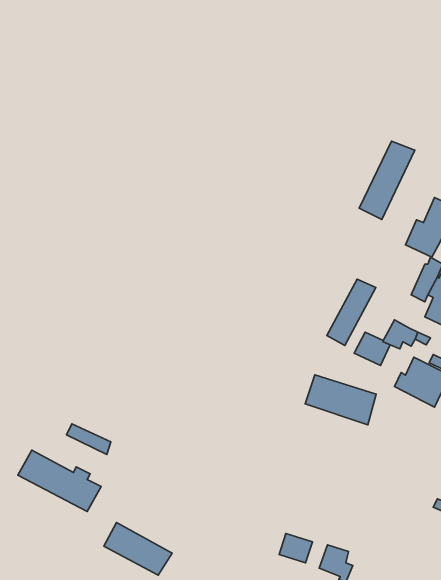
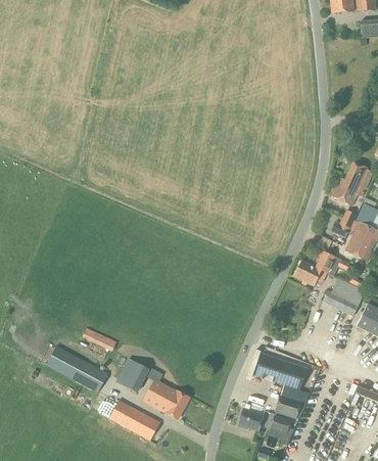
building: [359,141,415,220] -> none
building: [327,279,376,346] -> none
building: [305,375,376,425] -> [253,353,305,389]
building: none -> [116,358,188,418]
building: none -> [274,395,304,419]

